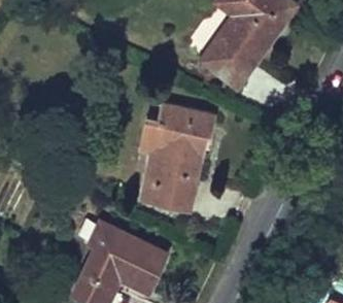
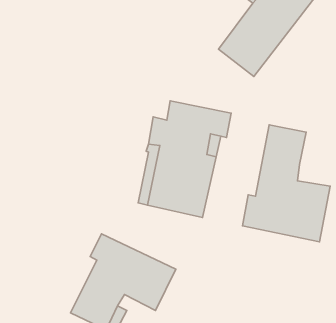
building: none -> [242,125,330,242]

